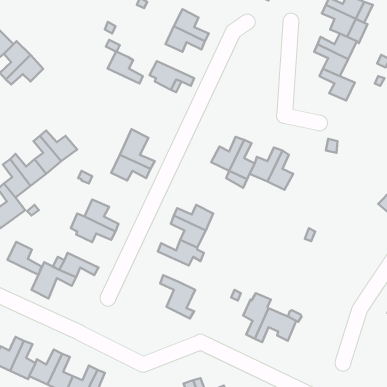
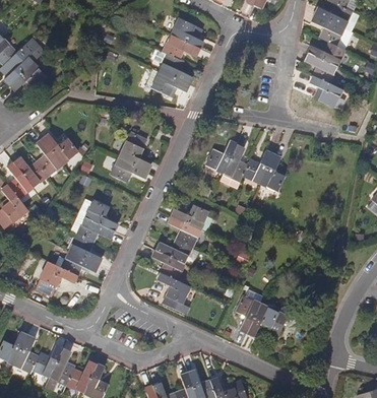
building: [108,52,143,83] -> [160,54,193,84]
building: [8,242,42,275] -> [69,234,102,265]
building: none -> [152,250,185,279]

